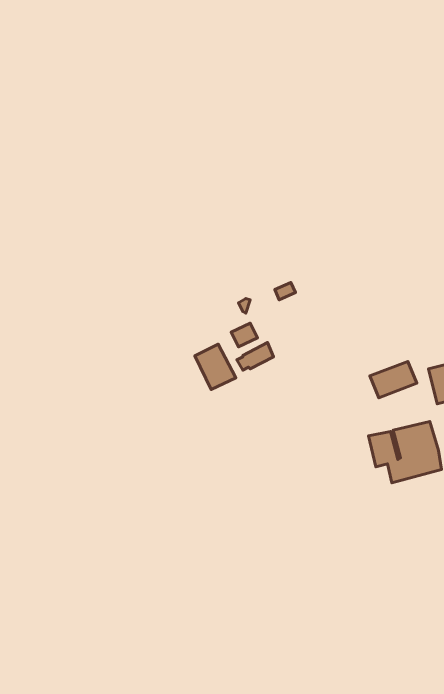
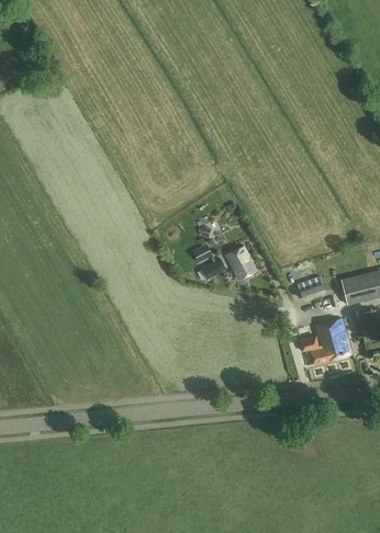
building: [195,344,236,389] -> [225,247,256,281]

